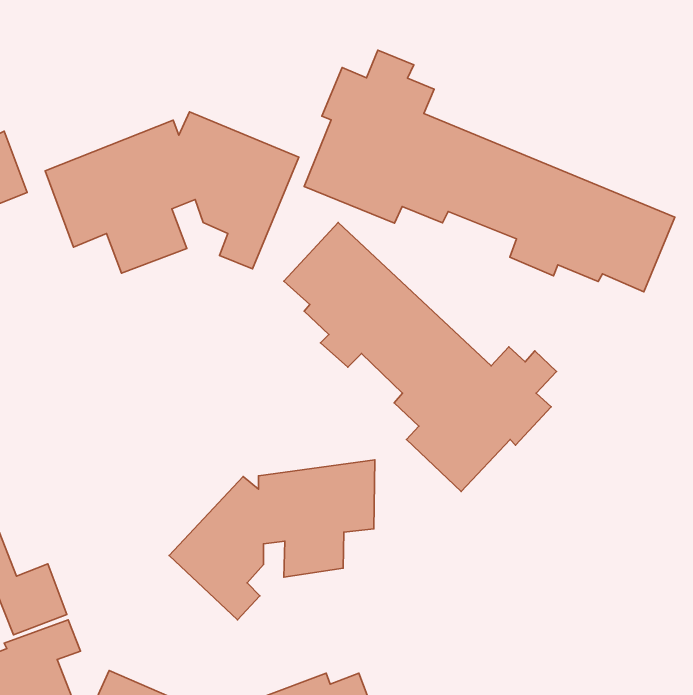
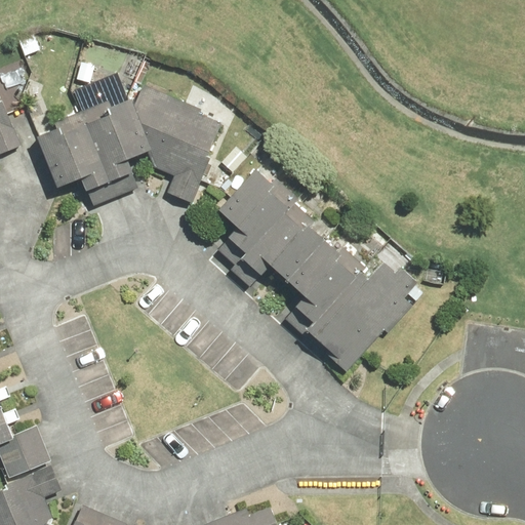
building: [304,50,675,292] -> none
building: [169,460,375,620] -> none

